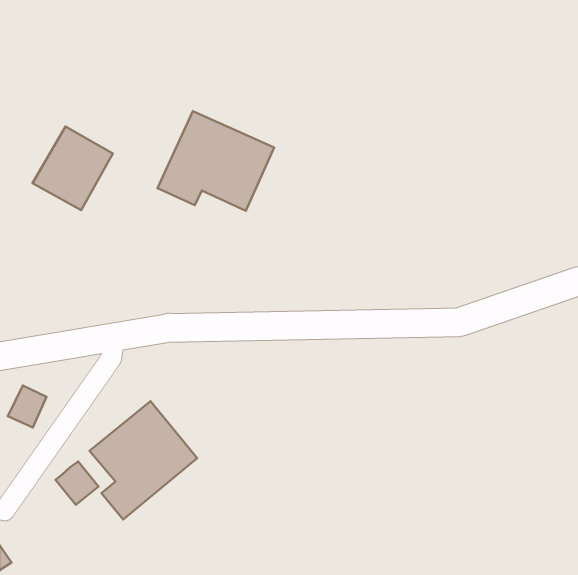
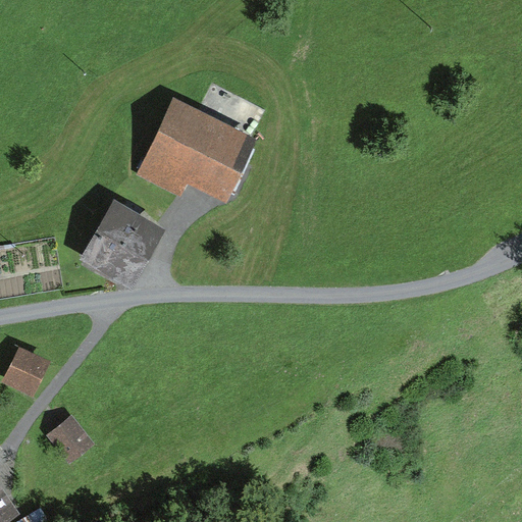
building: [33,126,113,210] -> [84,202,156,277]
building: [90,401,197,519] -> none

